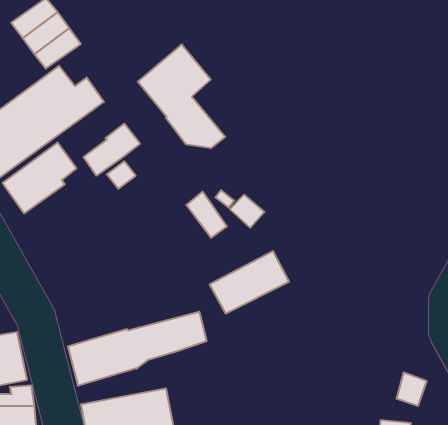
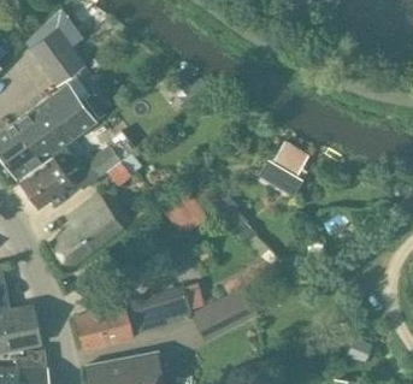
building: [138,44,225,148] -> none
building: none -> [267,142,307,189]
building: none -> [48,194,123,268]
building: [210,251,289,313] -> [190,290,256,342]

